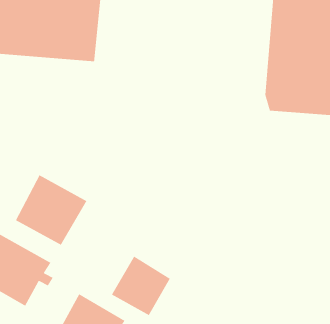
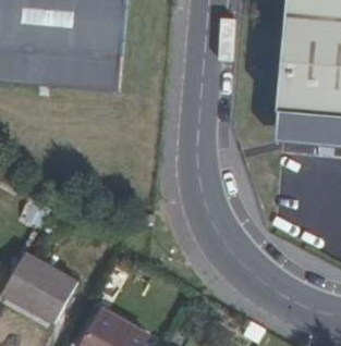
building: [15,174,88,246] -> none
building: [111,256,171,316] -> none

